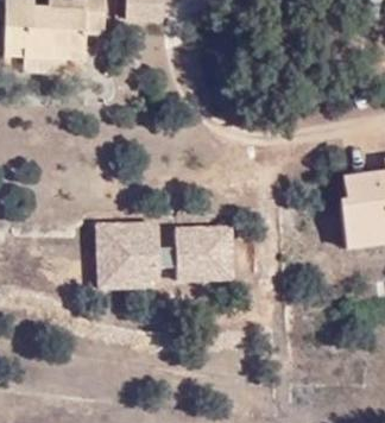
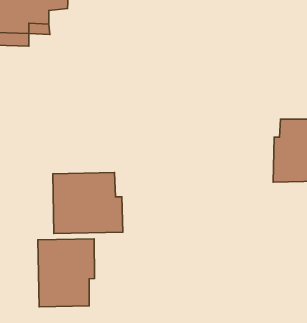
building: [172,225,232,284] -> none
building: none -> [38,239,94,307]

